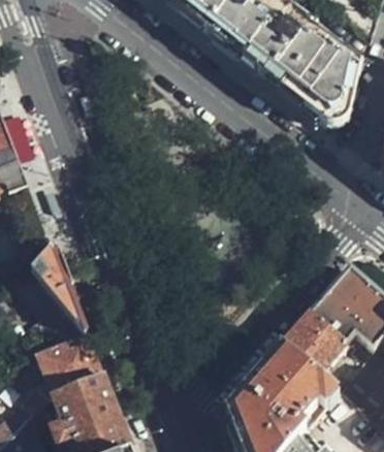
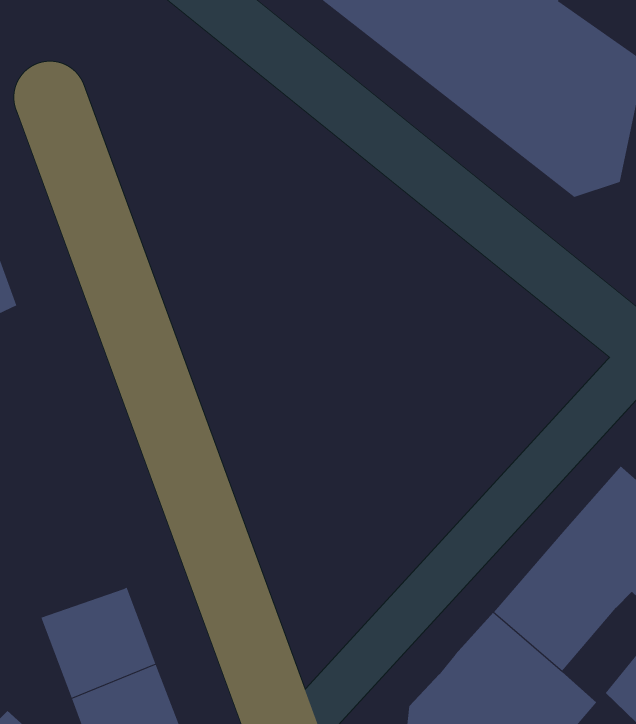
building: [31,244,87,334] -> none

